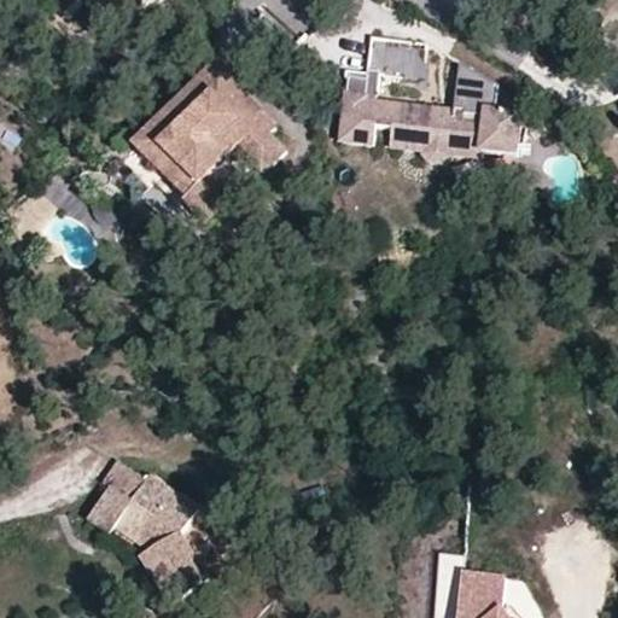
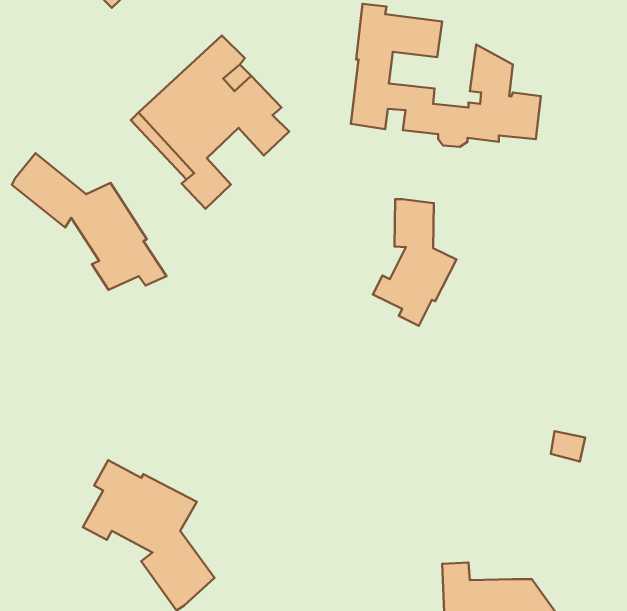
building: none -> [12,153,167,290]
building: none -> [373,199,456,326]

